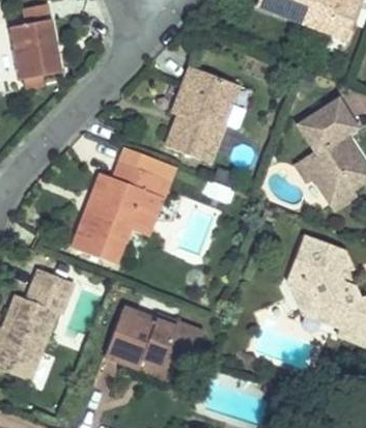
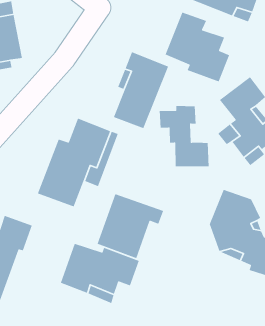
building: none -> [165,12,230,83]
building: none -> [159,105,209,167]
building: none -> [97,193,164,259]

